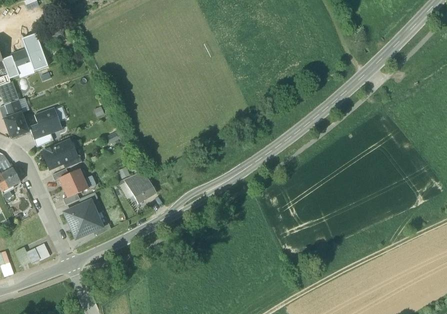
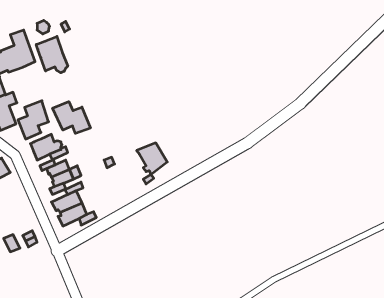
building: none -> [36,36,68,73]
building: none -> [53,102,90,133]
building: [123,170,155,203] -> [137,143,167,174]

